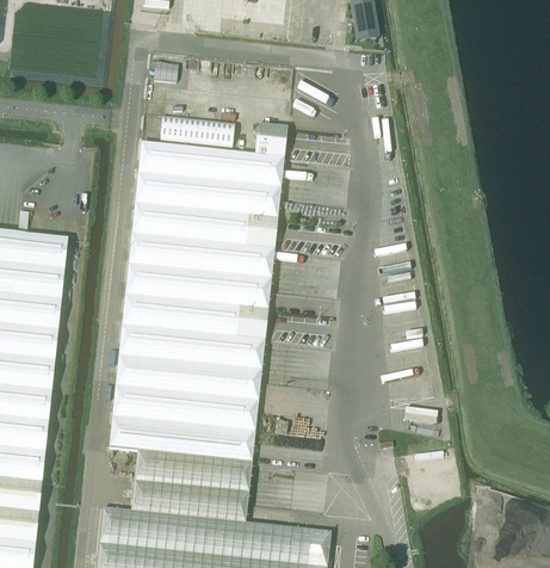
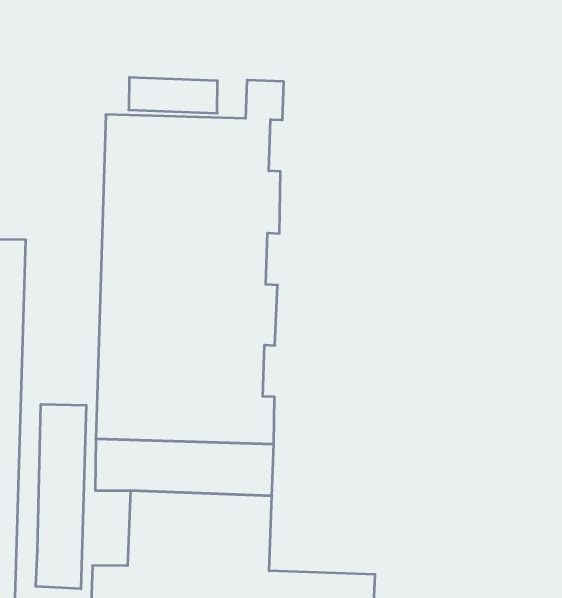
building: none -> [36,404,86,589]

